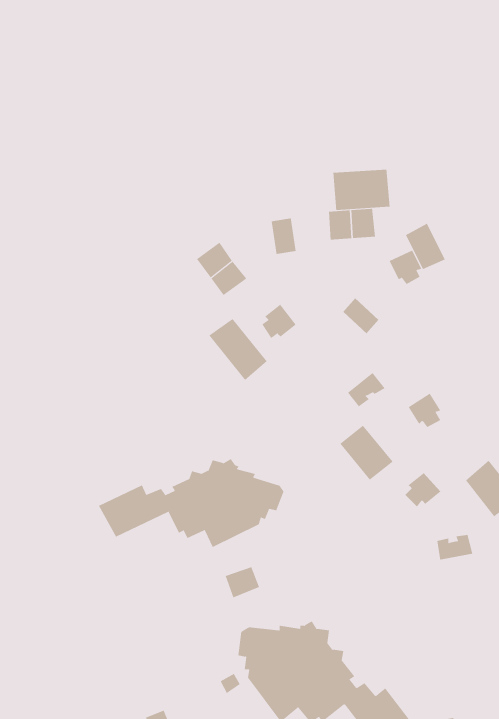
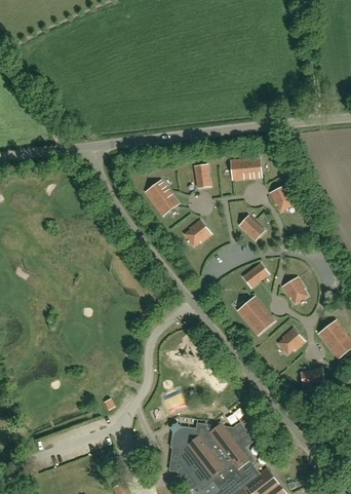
building: [333,169,390,211] -> none
building: [405,223,446,270] -> none
building: [209,318,268,381] -> none
building: [98,458,284,548] -> none

